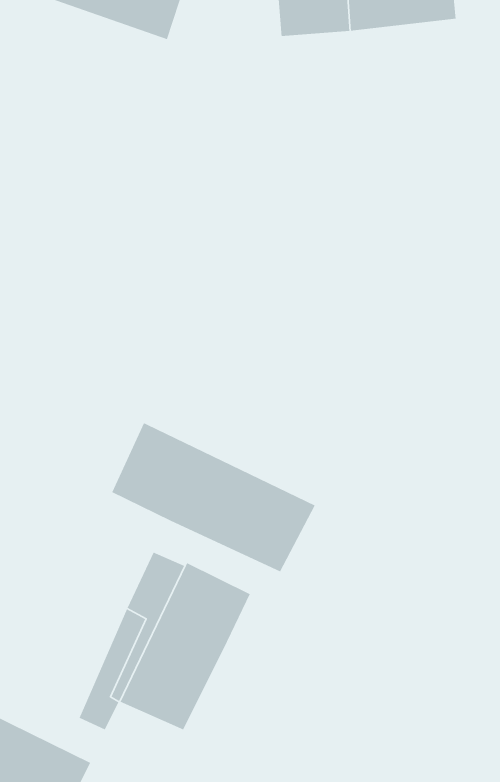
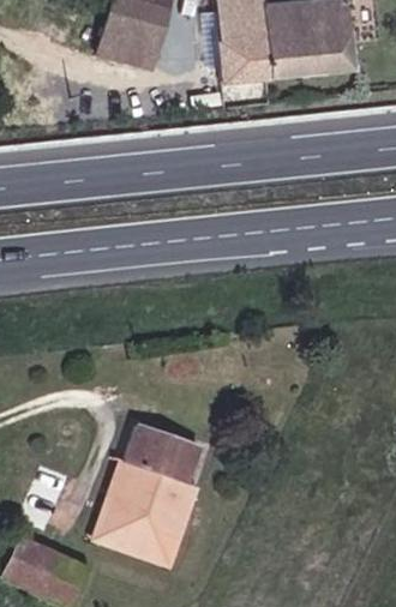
building: [111,422,316,572] -> none
building: none -> [107,482,202,569]

